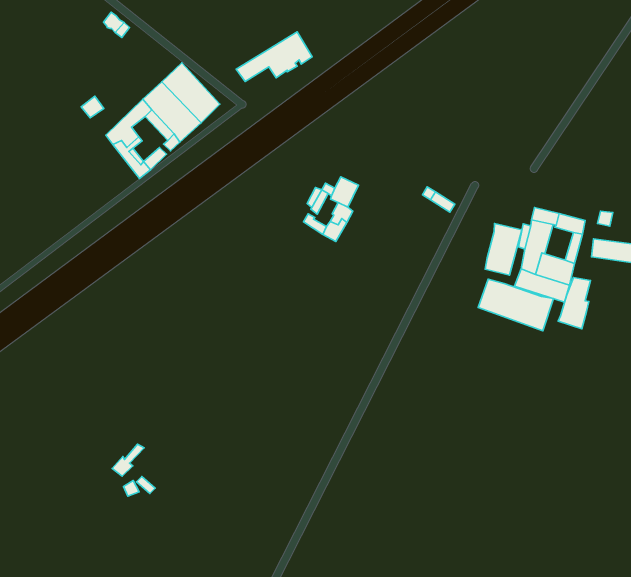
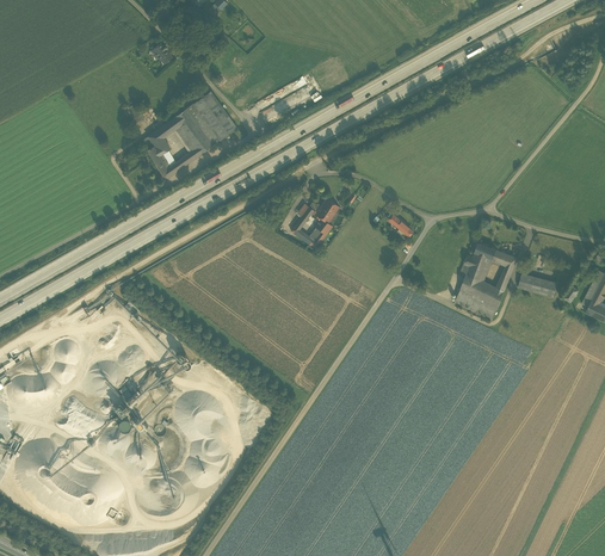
building: [485,223,522,275] -> none
building: [558,277,590,329] -> none
building: [478,279,553,331] -> none

